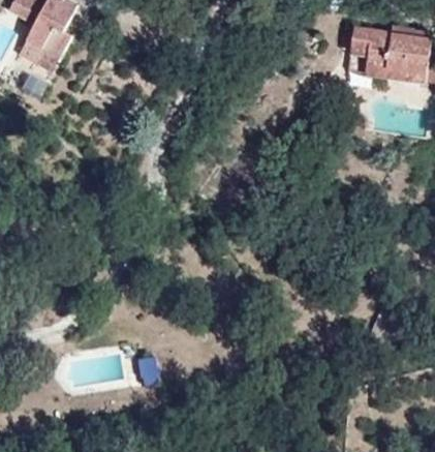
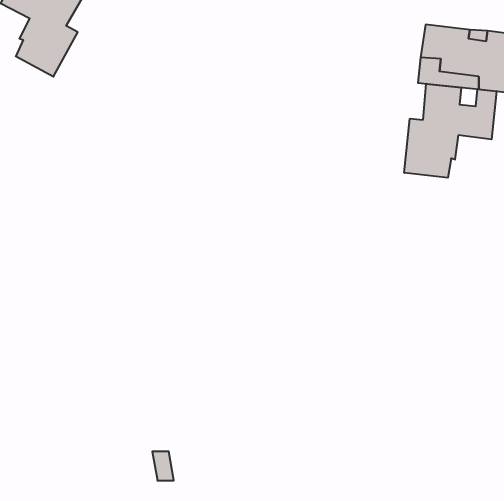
building: none -> [404,84,496,178]

